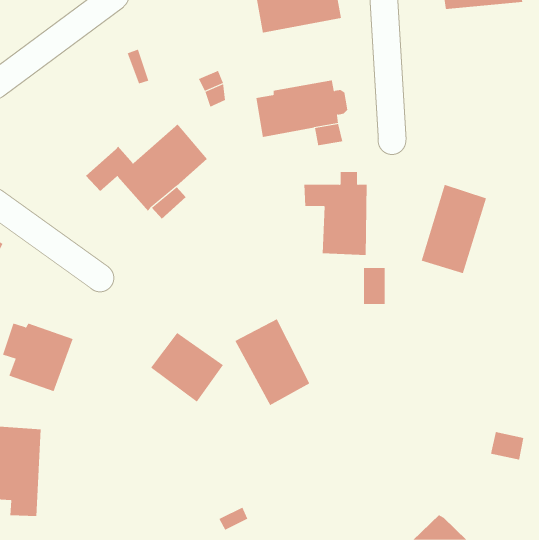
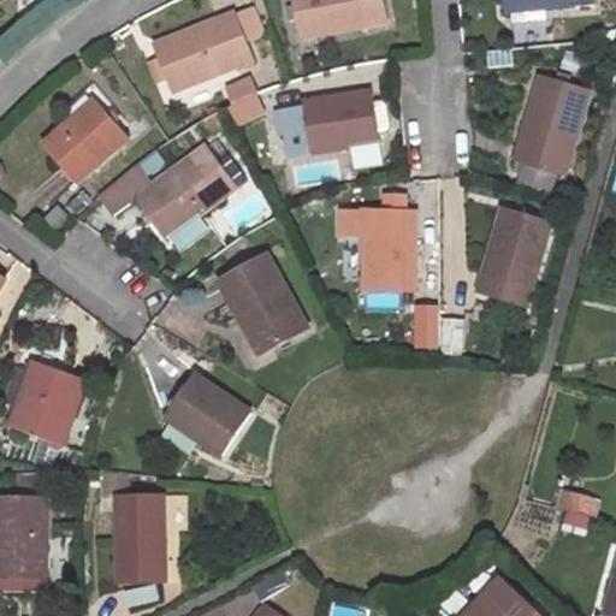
building: none -> [161,14,251,90]
building: none -> [515,75,591,176]
building: none -> [43,101,128,184]
building: [235,319,310,406] -> [218,251,303,350]
building: none -> [112,485,166,575]

